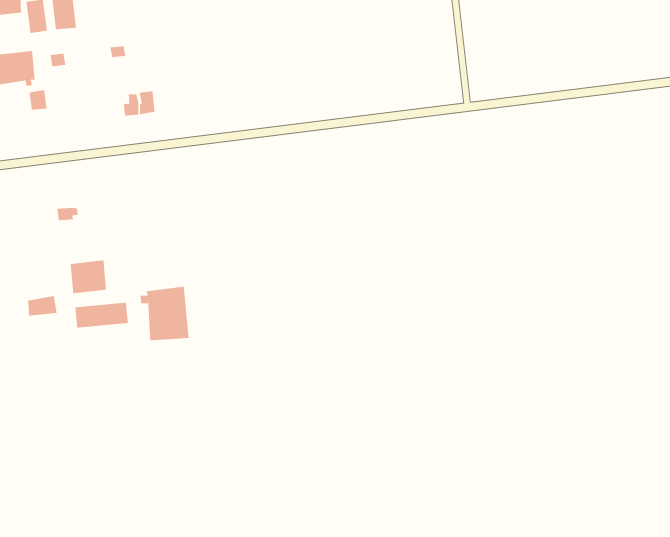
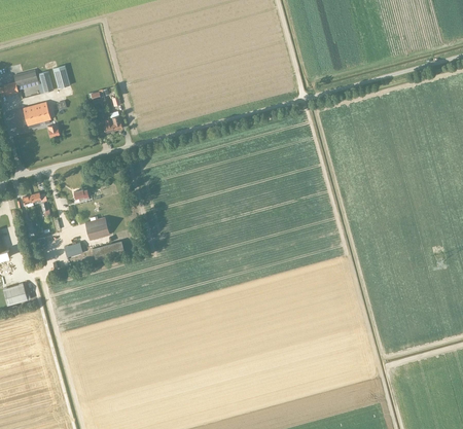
building: [140,286,190,341] -> none

